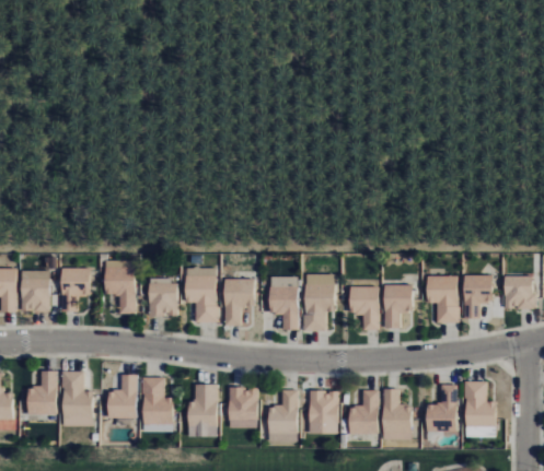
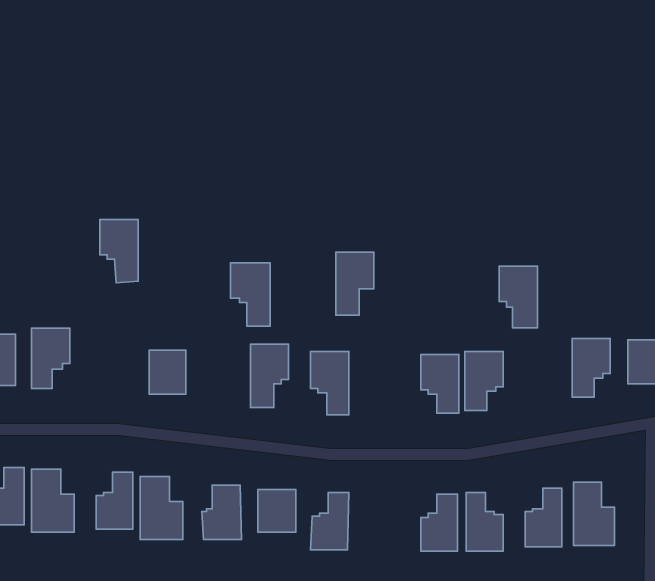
building: [106,268,135,315] -> [100,220,138,283]
building: [186,274,216,321] -> [231,263,270,326]
building: [428,276,456,322] -> [499,266,537,328]
building: [306,284,335,331] -> [336,252,374,315]
building: [311,391,338,434] -> none

